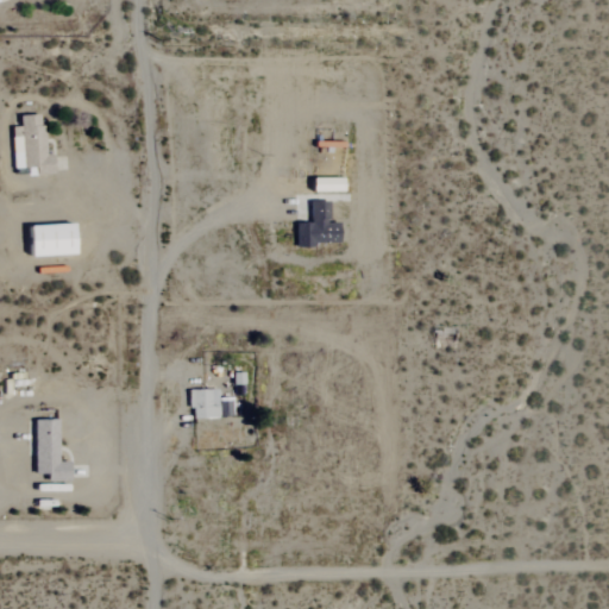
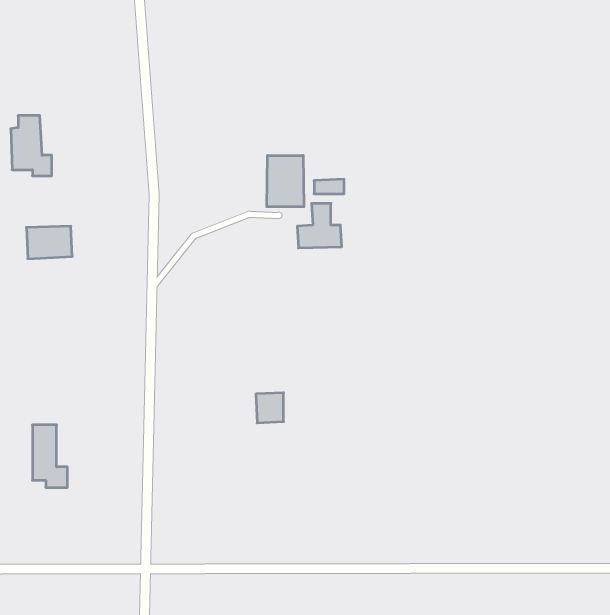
building: none -> [267,155,304,207]
building: [193,389,220,419] -> [256,393,284,423]

